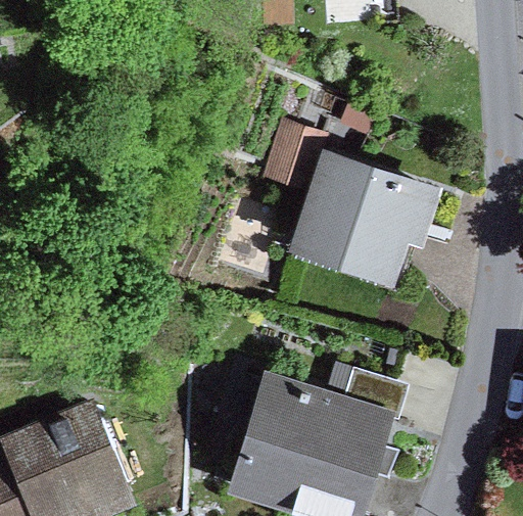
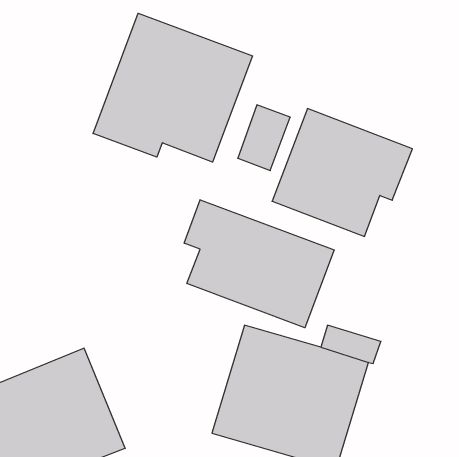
building: none -> [93,13,252,162]
building: none -> [184,200,334,328]

